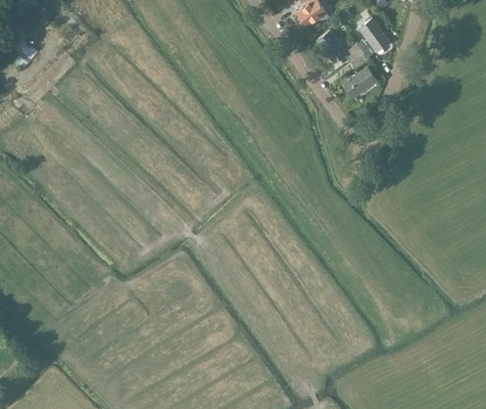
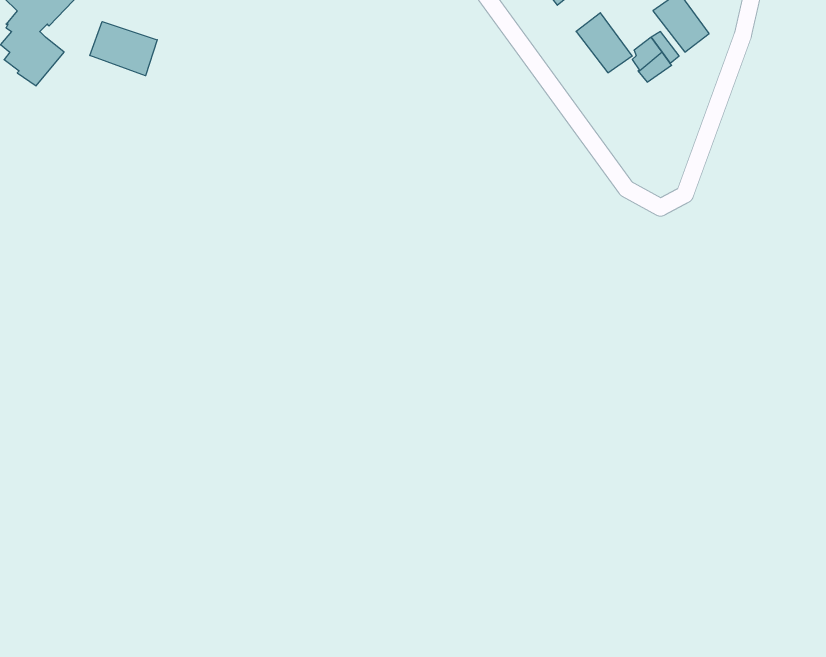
building: none -> [90,22,157,76]
building: [344,66,377,97] -> none

